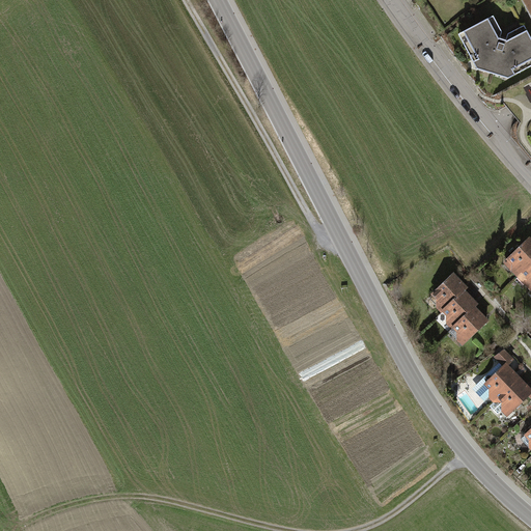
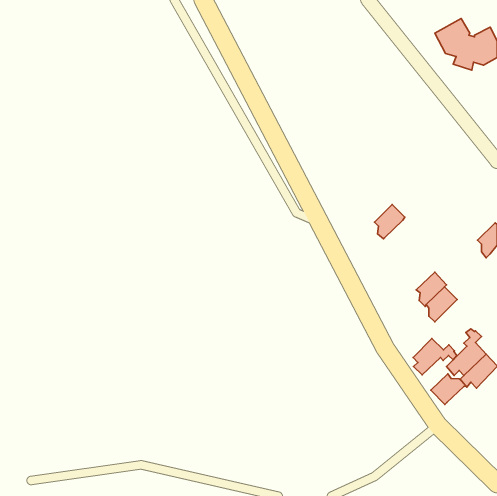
building: [434,274,466,310] -> [375,205,405,239]
building: none -> [413,338,457,375]
building: none -> [431,374,466,404]

